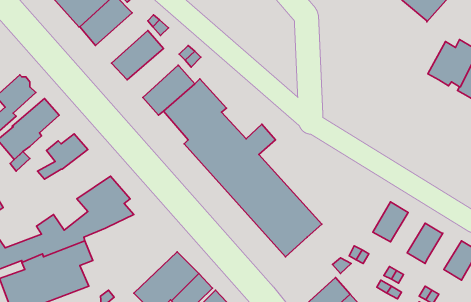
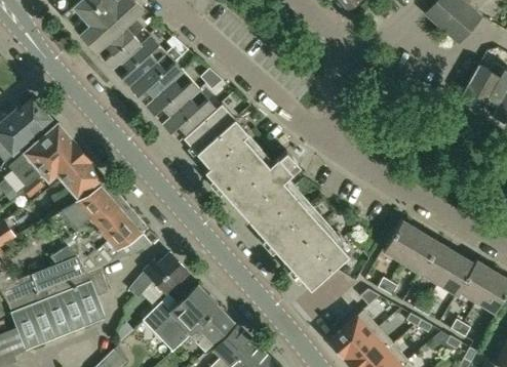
building: none -> [112,35,166,87]
building: none -> [145,72,198,123]
building: none -> [43,141,89,181]
building: none -> [55,181,127,232]
building: none -> [383,221,420,263]
building: none -> [420,243,456,285]
building: none -> [129,254,187,298]
building: none -> [458,261,494,302]

